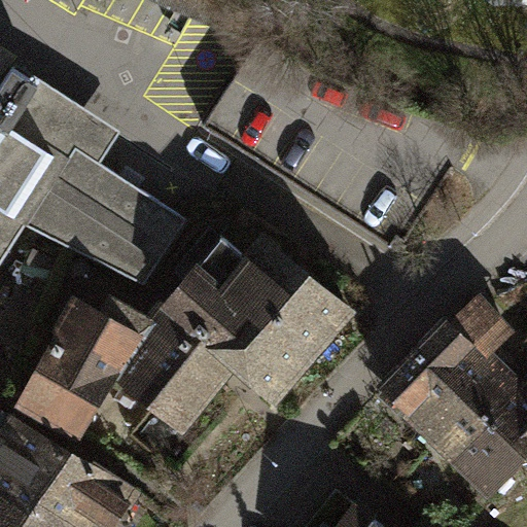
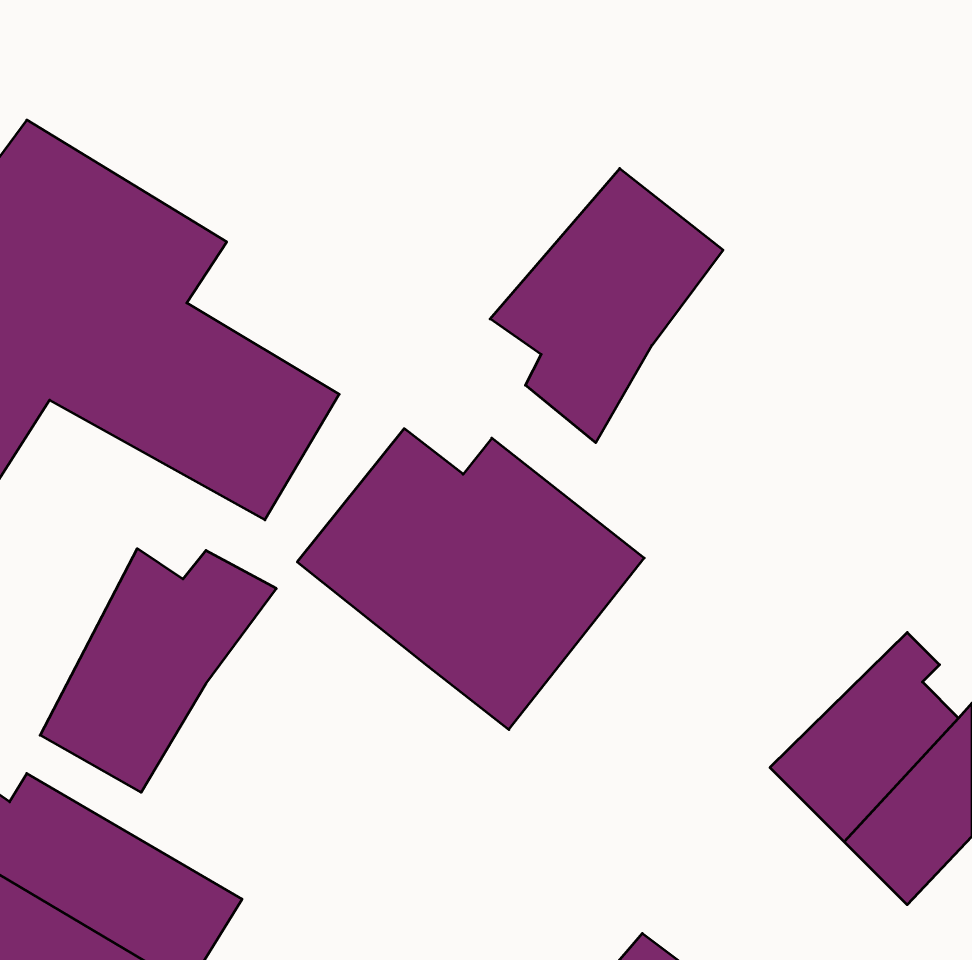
building: none -> [490,168,723,443]
building: [382,306,505,422] -> none
building: [111,311,232,432] -> none

